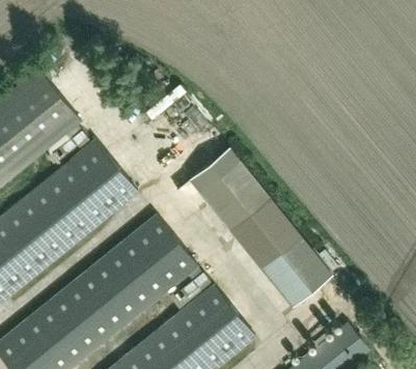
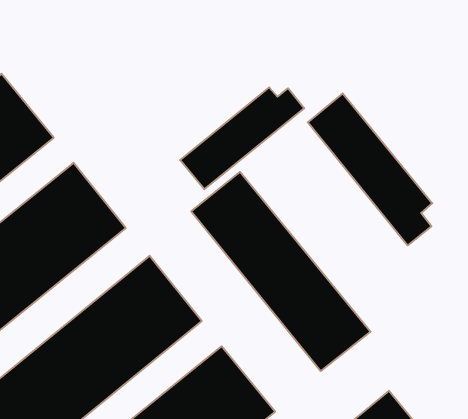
building: none -> [180,87,304,189]
building: none -> [308,93,432,245]

